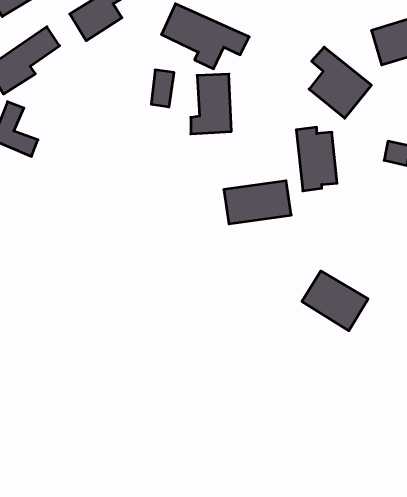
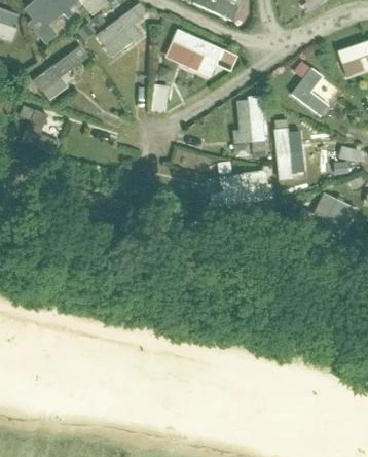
building: [191,74,231,134] -> [232,97,265,145]
building: [302,271,368,331] -> [299,189,353,238]

